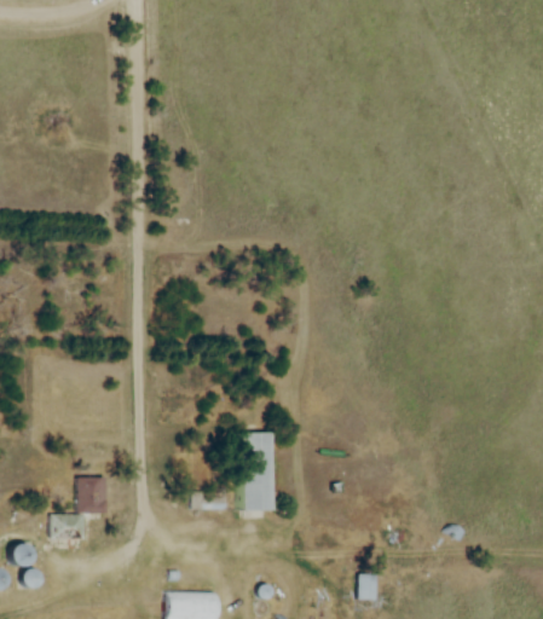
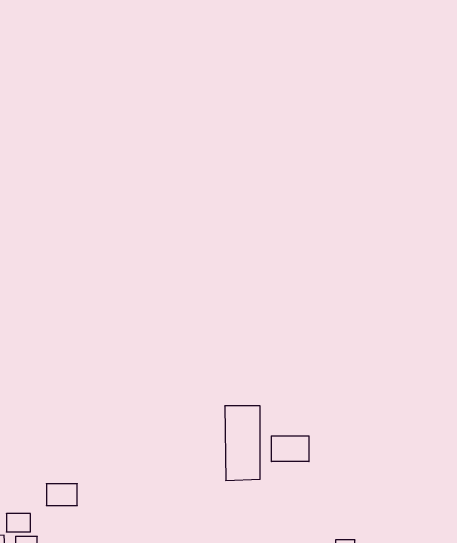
building: none -> [271,436,309,462]
building: [77,478,105,513] -> none

